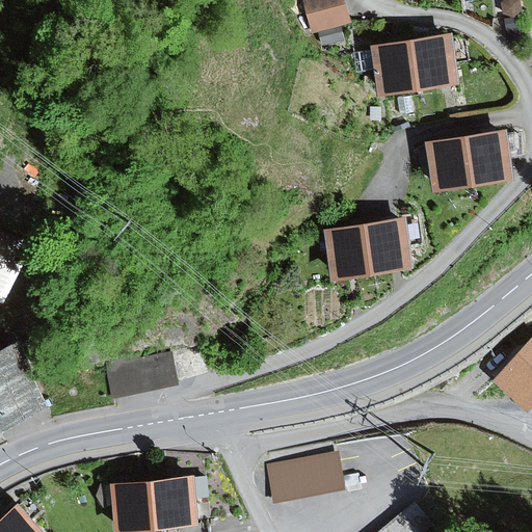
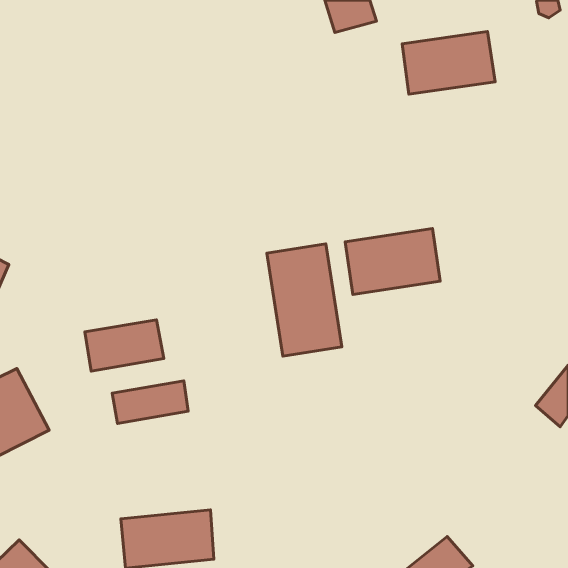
building: [424,130,511,192] -> none
building: none -> [267,244,342,356]
building: none -> [85,320,164,371]
building: [266,456,340,504] -> none

